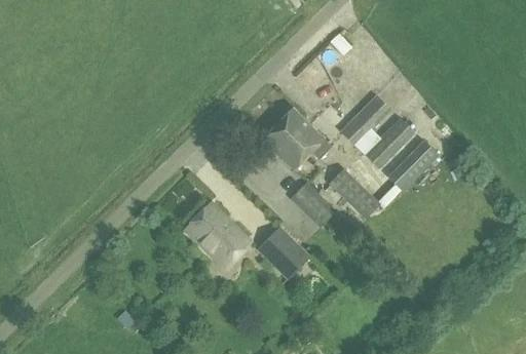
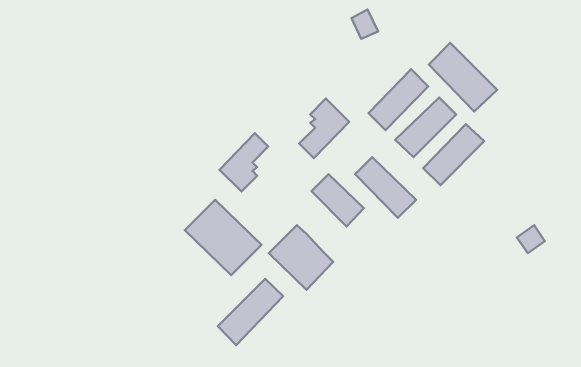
building: none -> [429,43,497,111]
building: [263,108,304,157] -> [220,133,268,192]
building: none -> [218,279,283,345]

